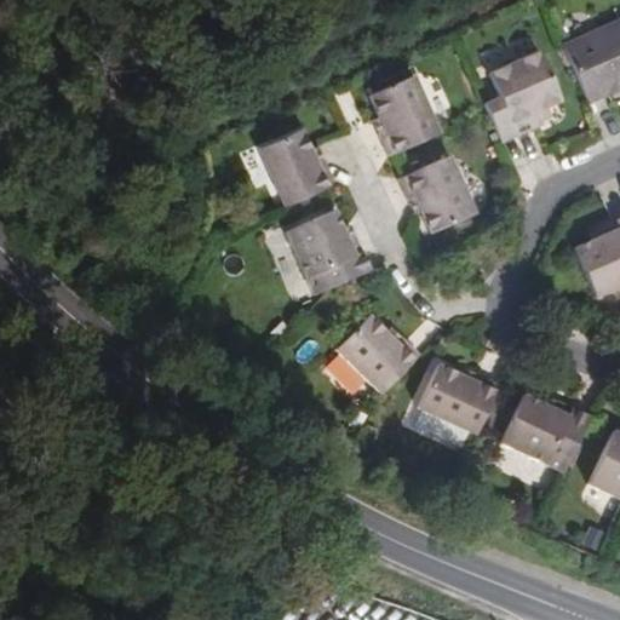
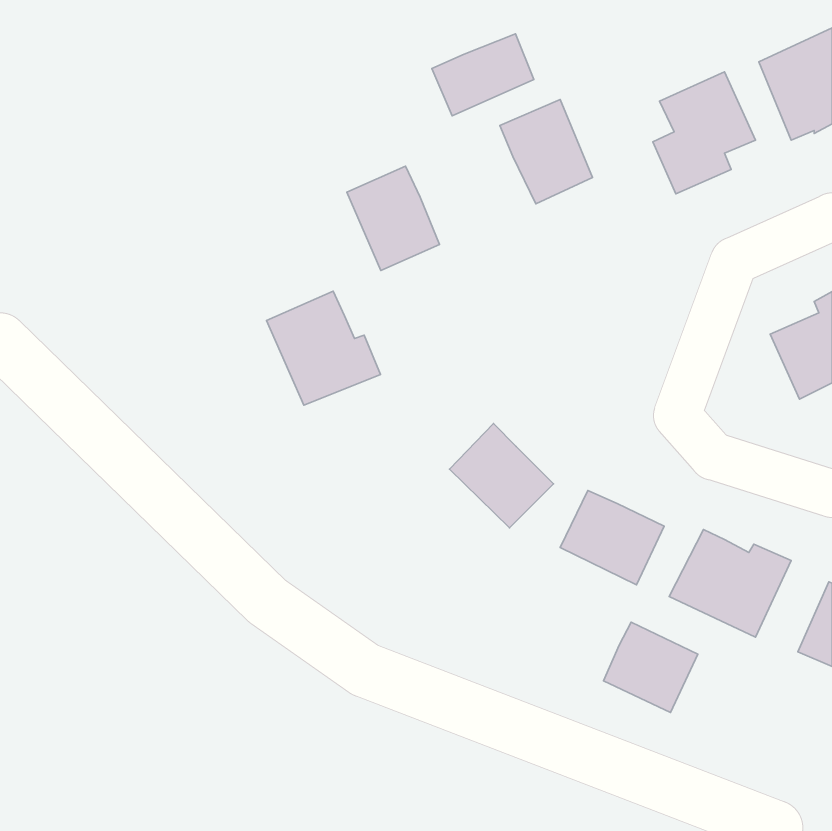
building: none -> [432,34,534,116]
building: [408,154,476,231] -> none
building: [287,207,372,292] -> [266,291,380,405]
building: none -> [604,622,698,713]

